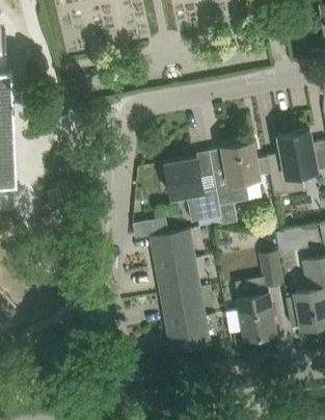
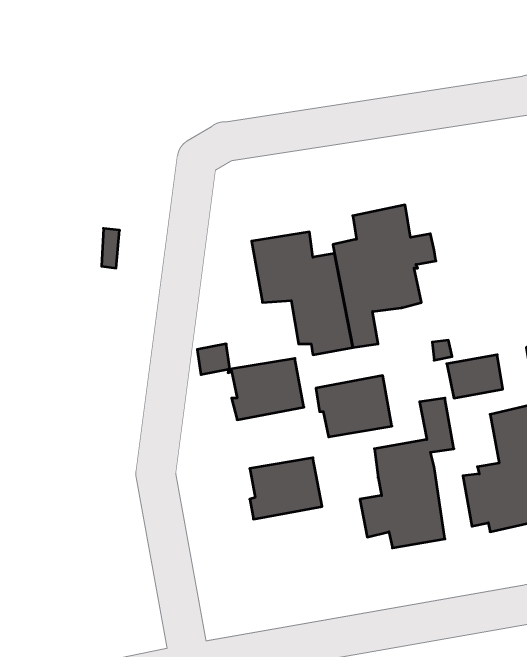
building: [270,131,318,196] -> none
building: [157,258,200,293] -> [316,376,392,437]
building: [166,315,211,352] -> none

